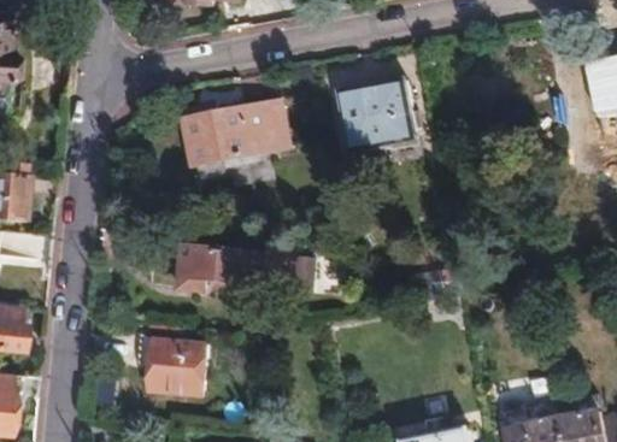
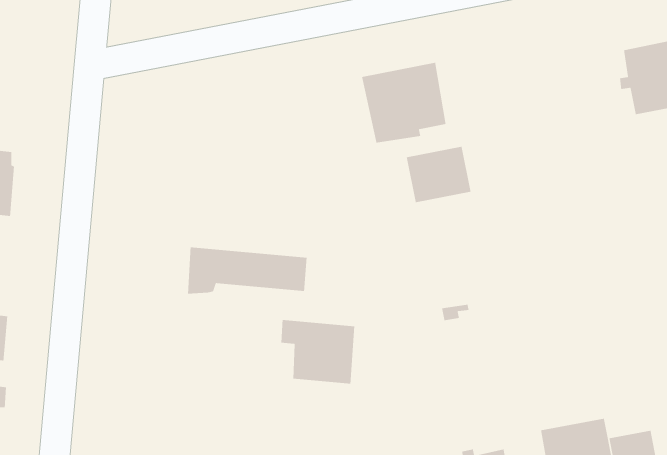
building: [187,100,292,165] -> none
building: none -> [406,146,471,203]
building: [140,337,207,396] -> [280,319,355,385]

